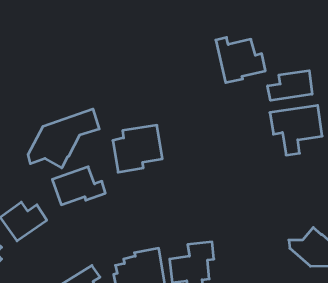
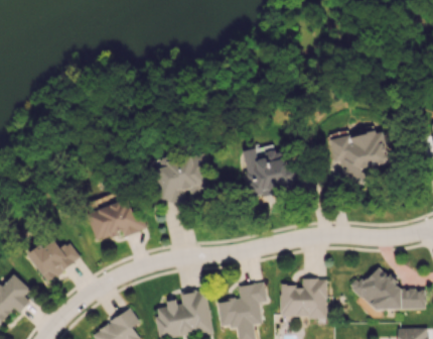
building: [216,37,265,83] -> [243,148,298,199]
building: [268,71,312,100] -> none
building: [28,109,99,168] -> none
building: none -> [280,278,326,317]

